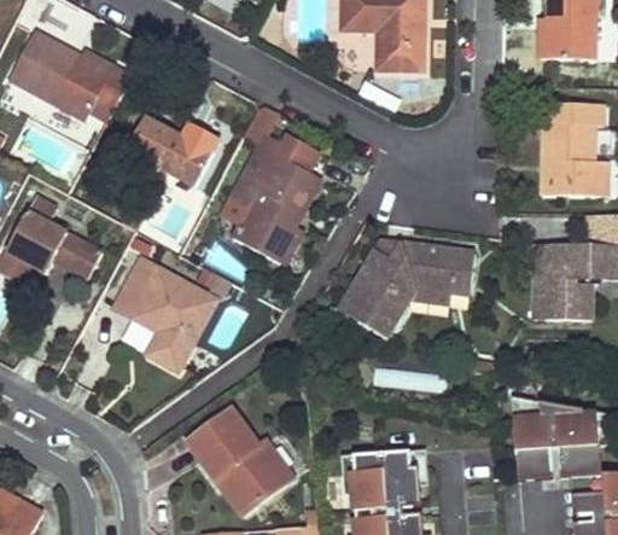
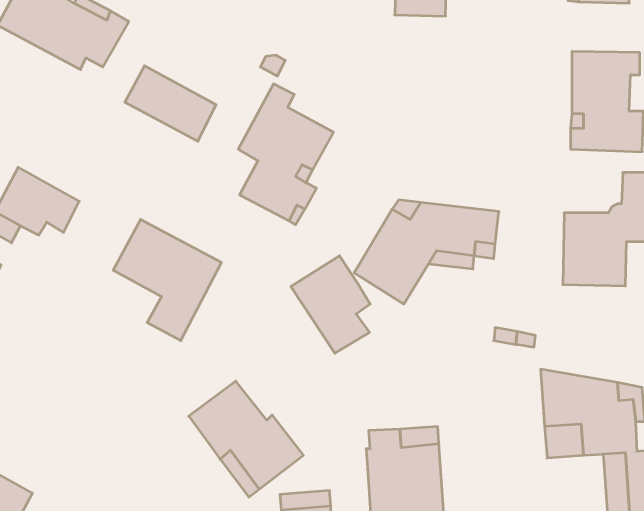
building: none -> [291,256,370,353]

